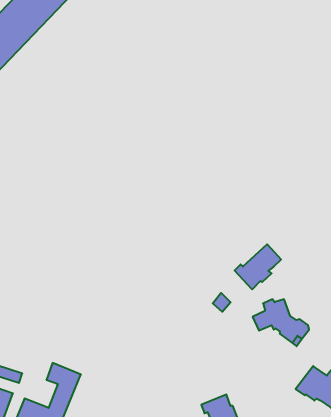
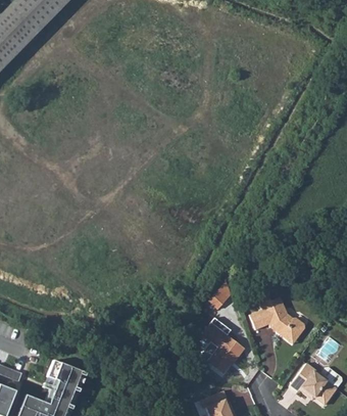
building: [235,244,281,289] -> none
building: none -> [199,322,243,373]

